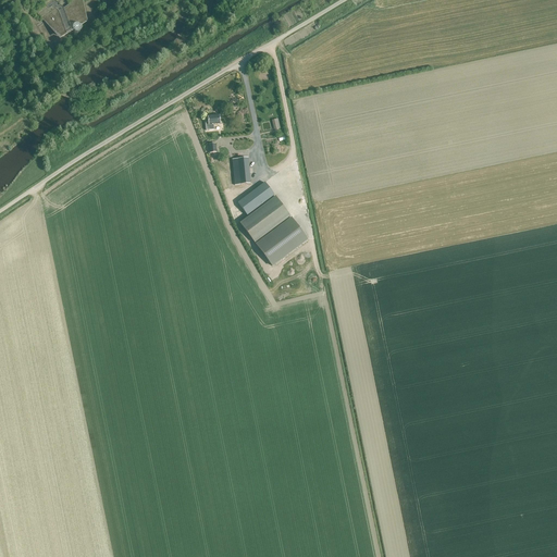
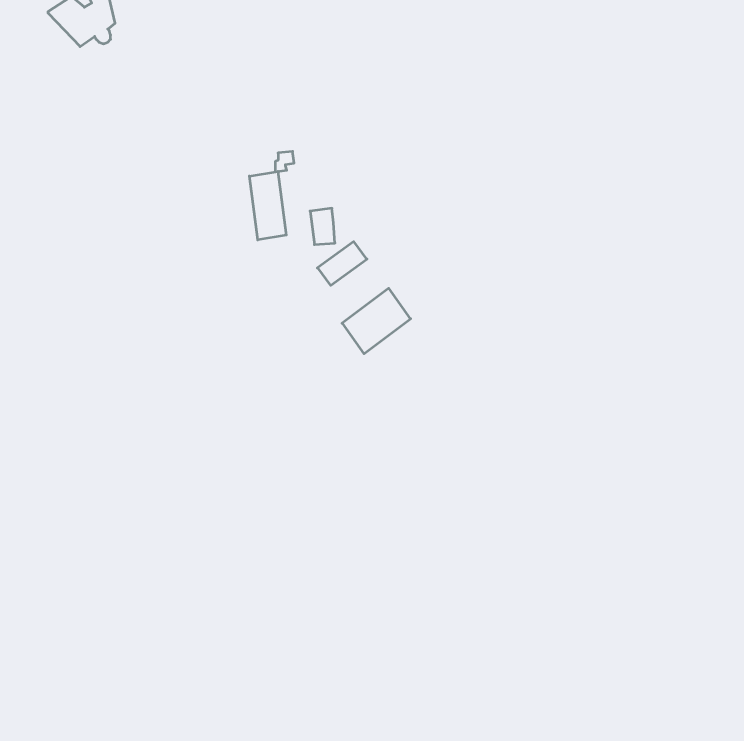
building: none -> [249,171,286,240]
building: [240,195,289,240] -> none

